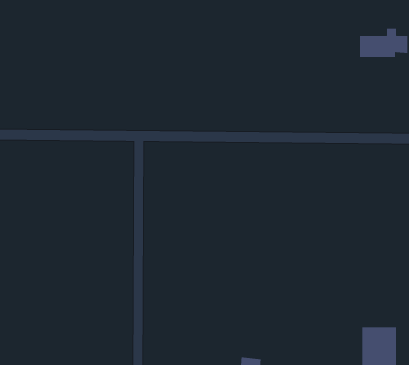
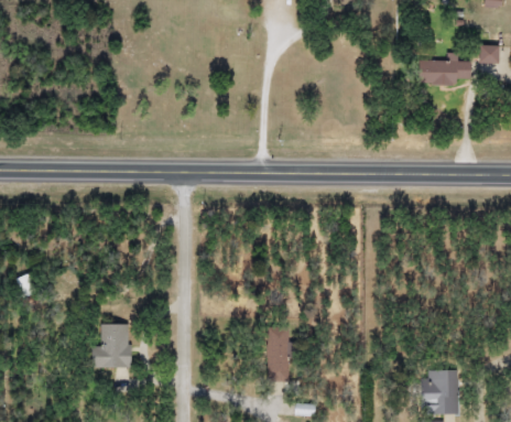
building: none -> [89,323,130,367]

